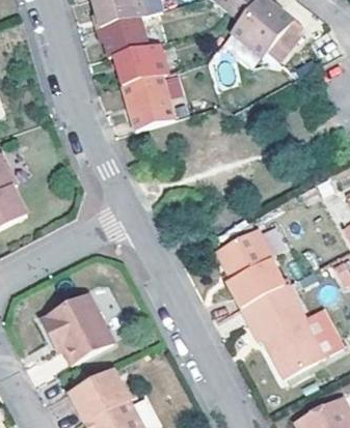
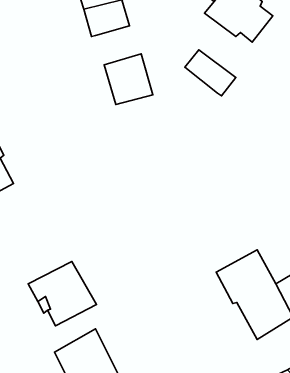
building: [113,42,166,86] -> none
building: none -> [185,50,236,96]
building: [217,228,290,307] -> none

